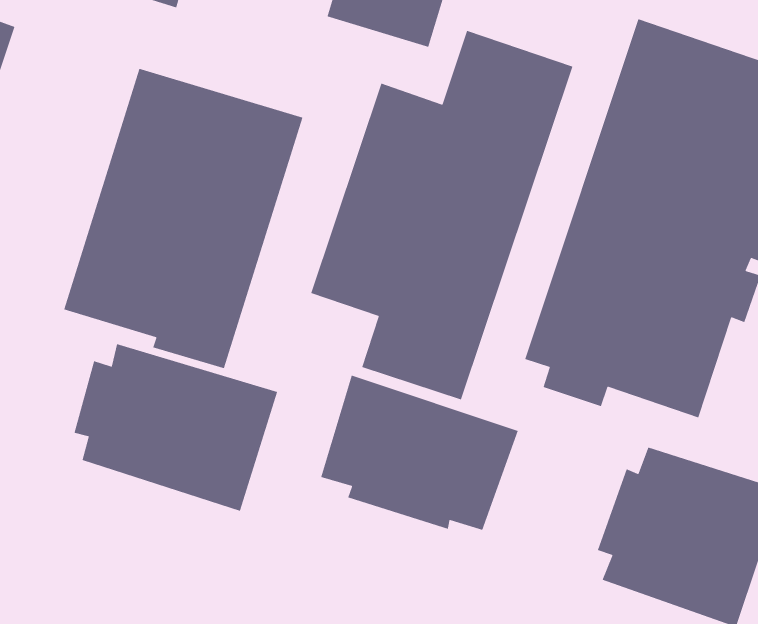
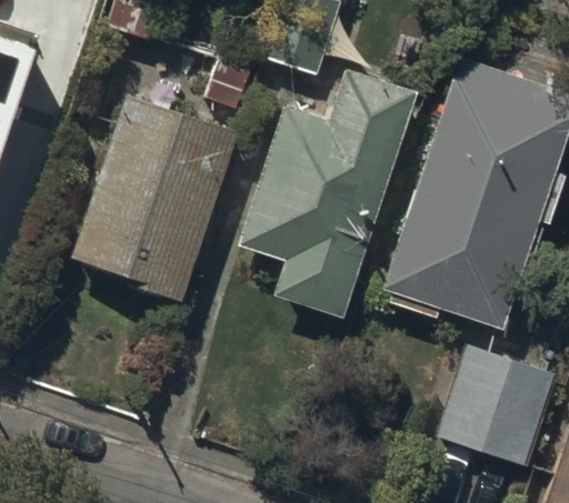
building: [73,343,278,512] -> none
building: [320,374,519,531] -> none

